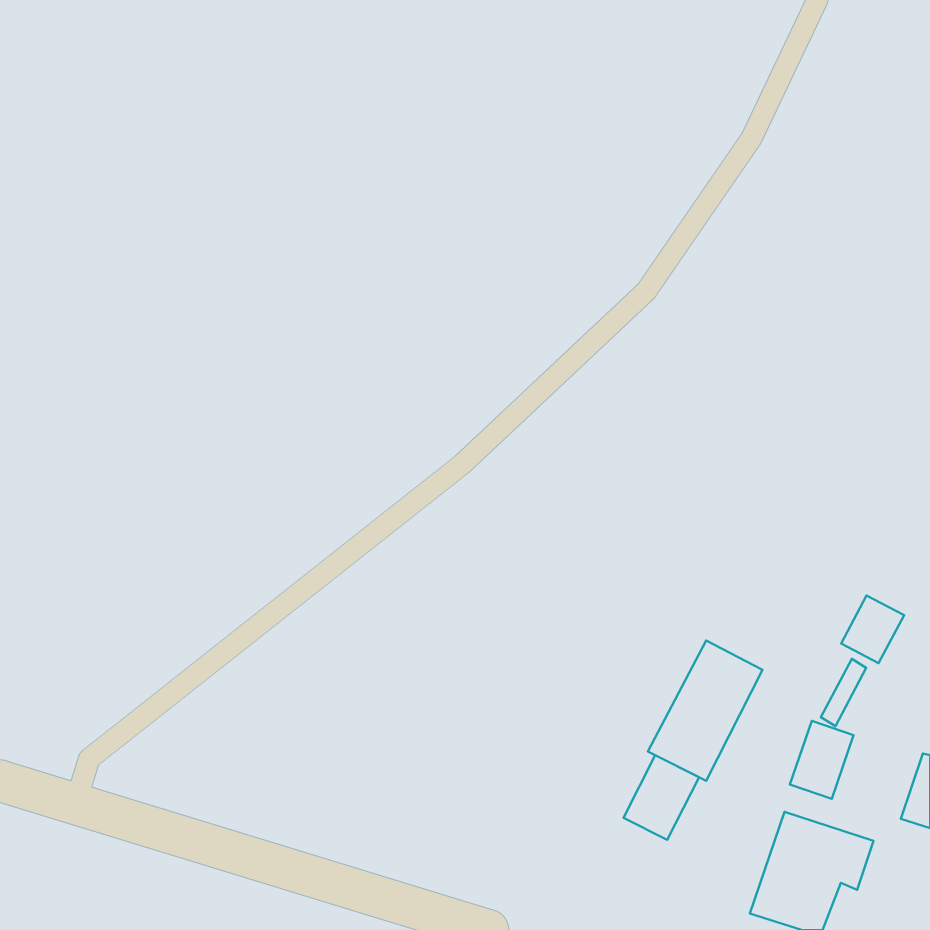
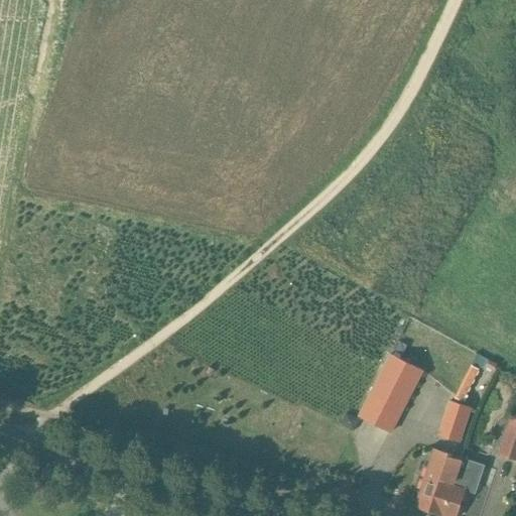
building: [841,596,904,663] -> none
building: [623,755,699,840] -> none

